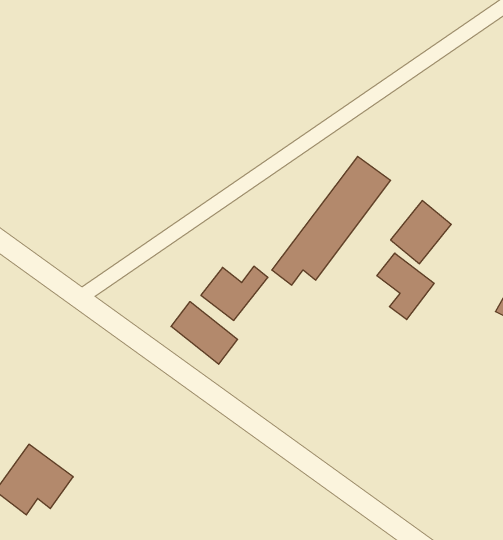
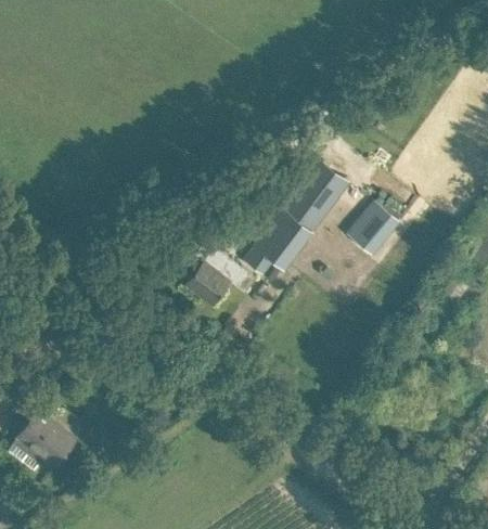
building: [377,253,434,320] -> none
building: [171,302,238,364] -> none

